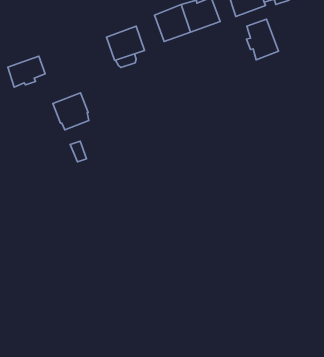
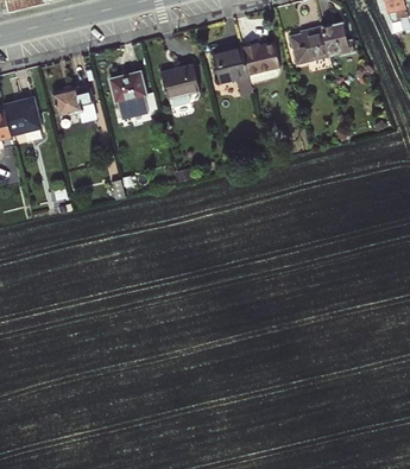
building: [246,19,278,60] -> none
building: [53,93,89,130] -> [109,72,145,109]

